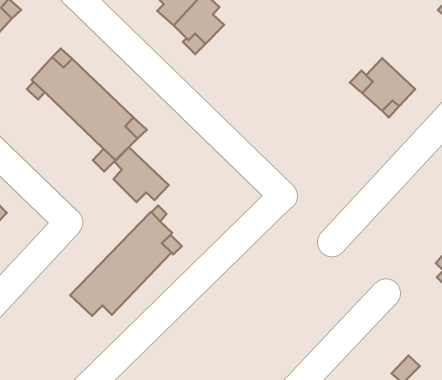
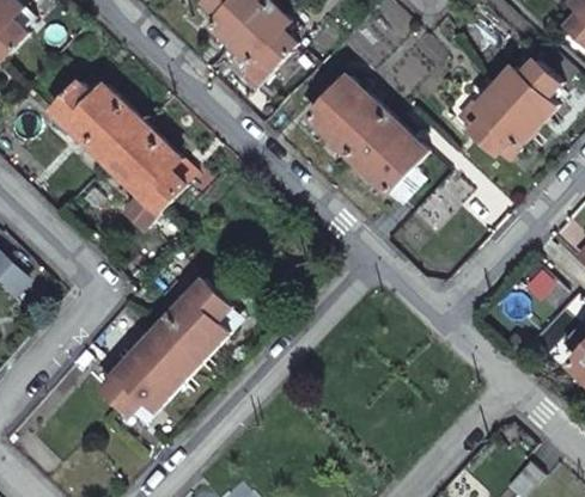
building: none -> [495,60,559,124]
building: none -> [306,75,426,192]
building: [113,147,169,202] -> none

